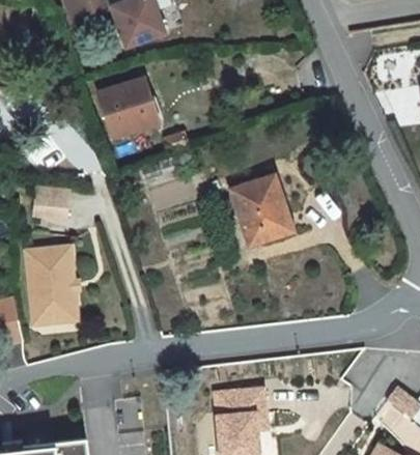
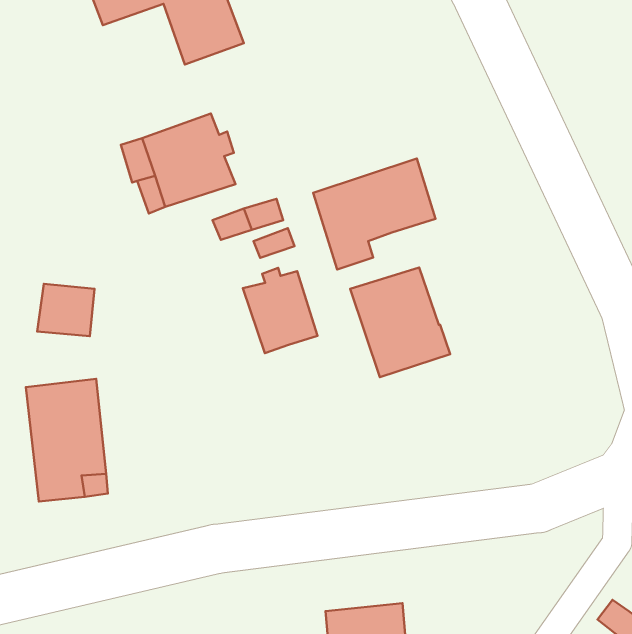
building: none -> [313,158,436,270]
building: none -> [243,268,318,353]

